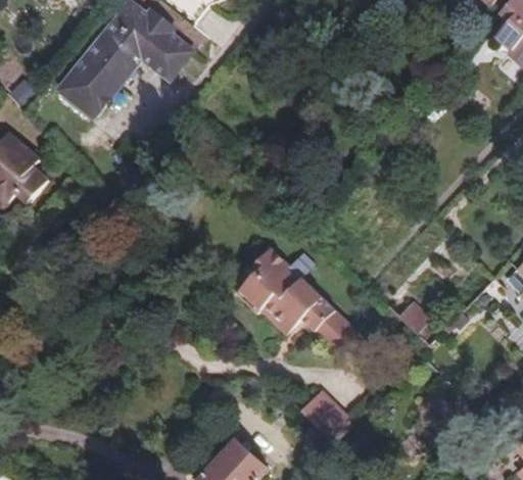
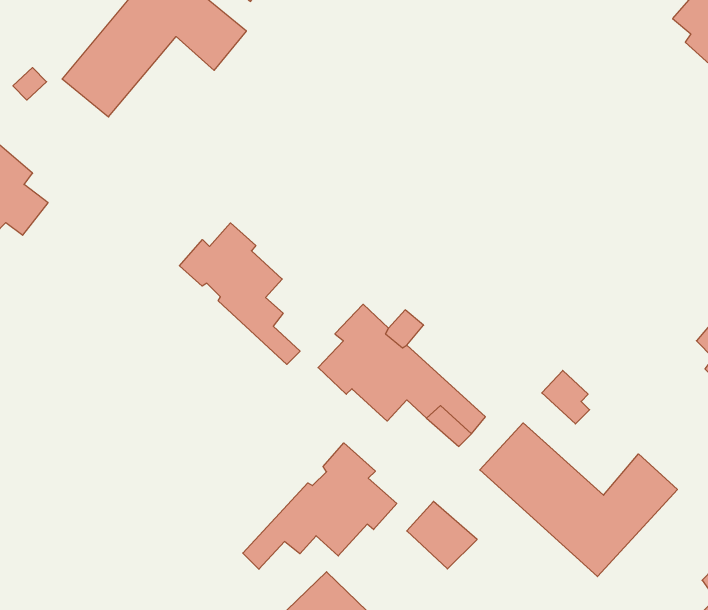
building: none -> [179,223,300,364]
building: none -> [480,423,677,577]
building: none -> [243,443,397,569]

